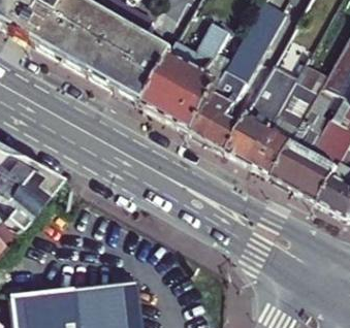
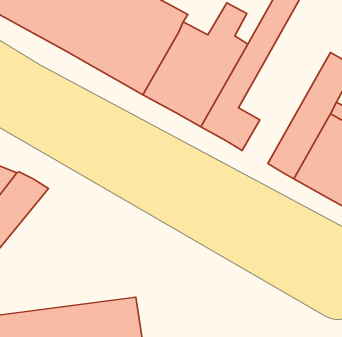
building: [228,67,297,161] -> none

